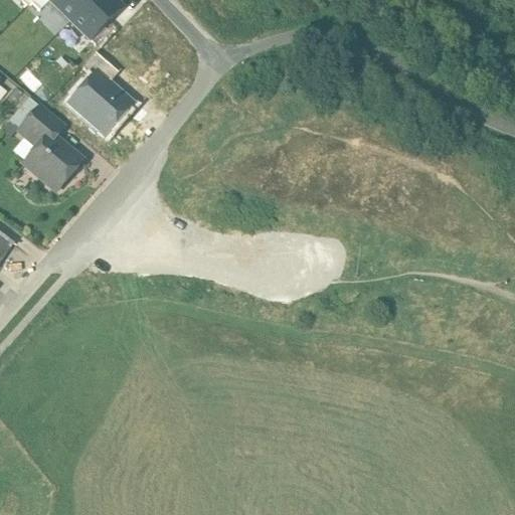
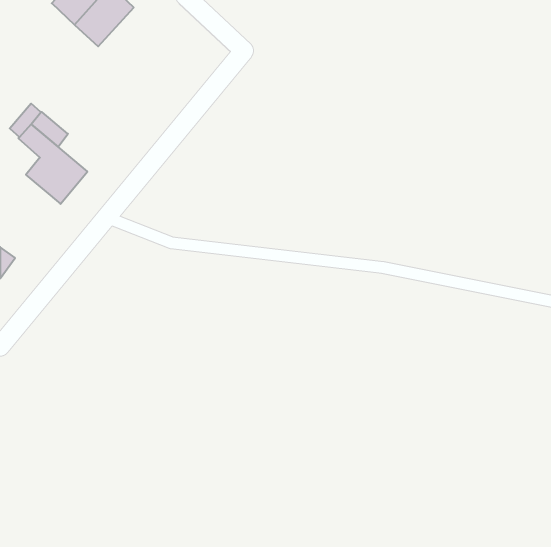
building: [66,52,136,137] -> none

